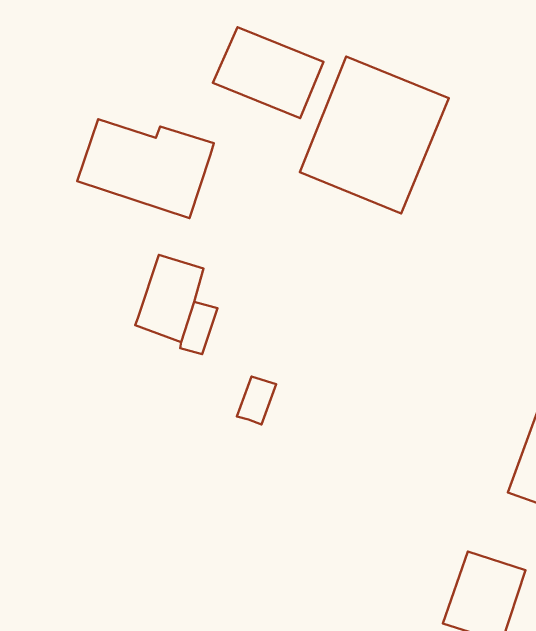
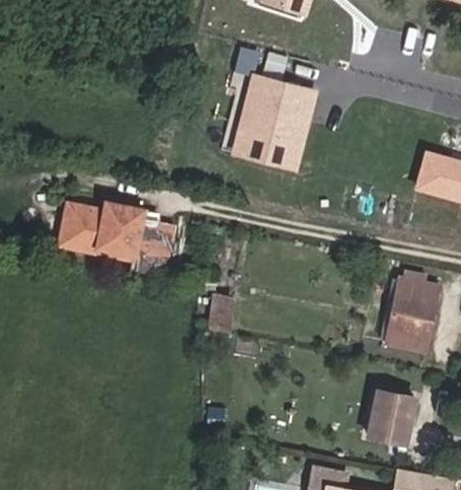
building: [213,27,323,118] -> none
building: [77,119,214,218] -> [53,204,141,263]

